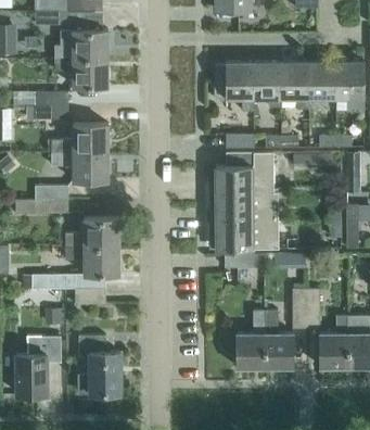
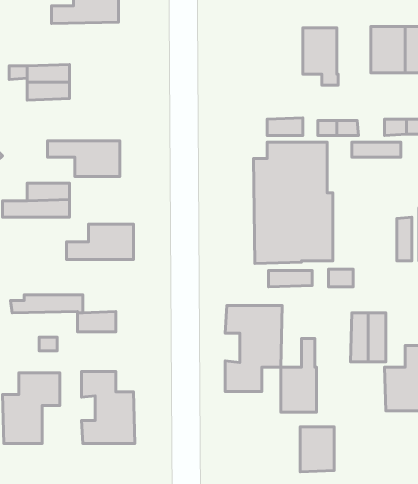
building: [54,59,107,87] -> none
building: [281,62,309,110] -> none
building: [215,63,254,113] -> none
building: [51,125,109,153] -> none
building: [64,248,119,276] -> none
building: none -> [225,306,282,392]
building: [265,333,292,369] -> [300,427,334,472]

